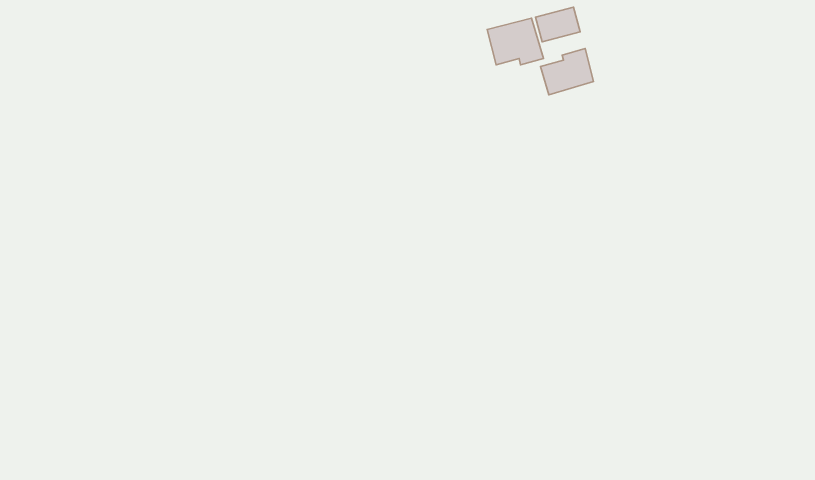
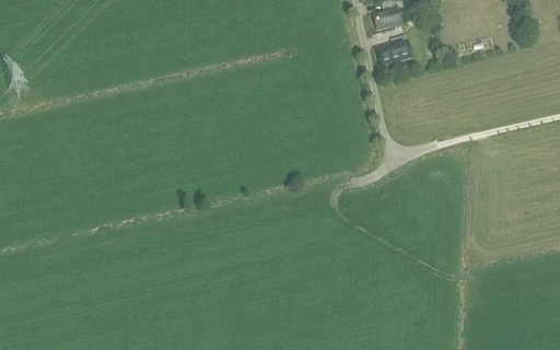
building: [487,18,543,65] -> none

